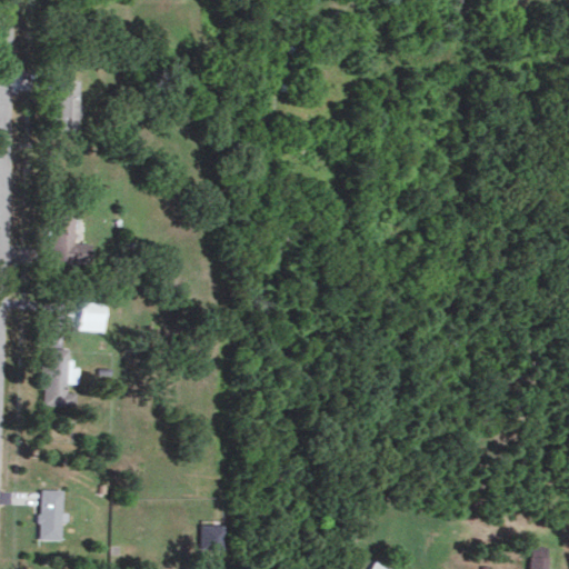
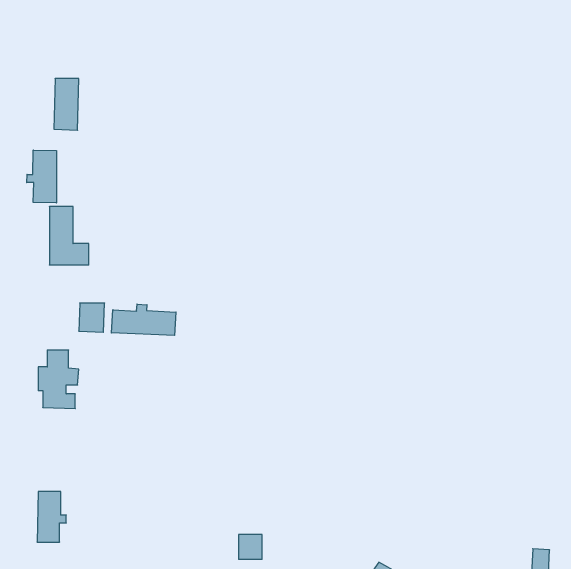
building: none -> [27,150,56,203]
building: none -> [111,304,176,335]
building: [202,527,226,551] -> [239,535,262,559]

